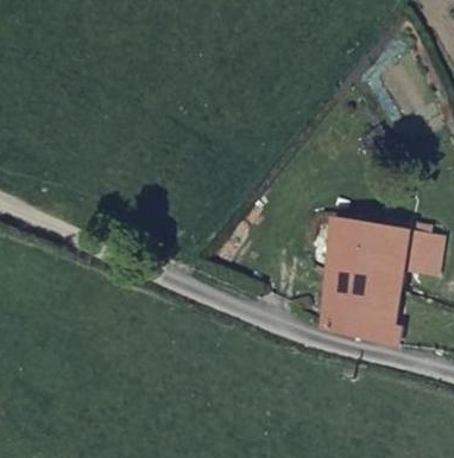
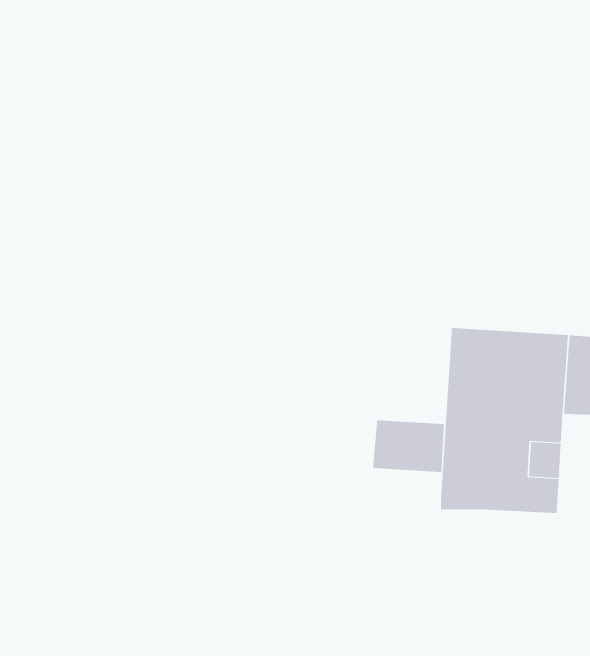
building: none -> [373,420,444,473]

